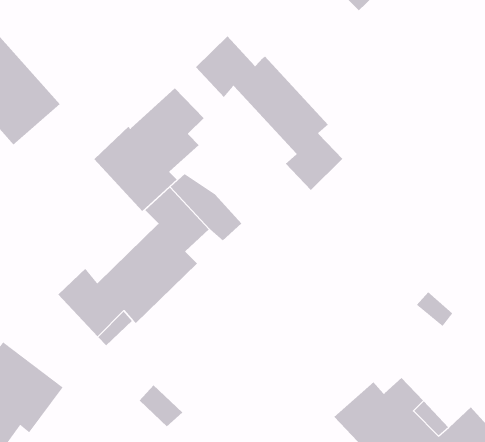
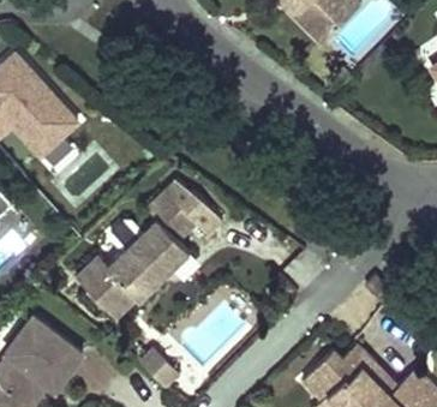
building: [195,35,343,191] -> none
building: [93,88,204,212] -> none

